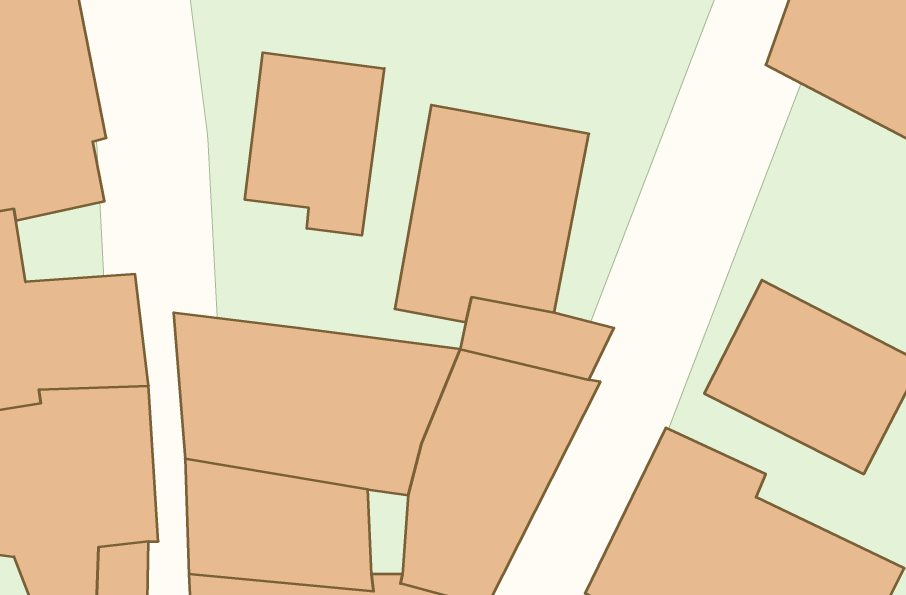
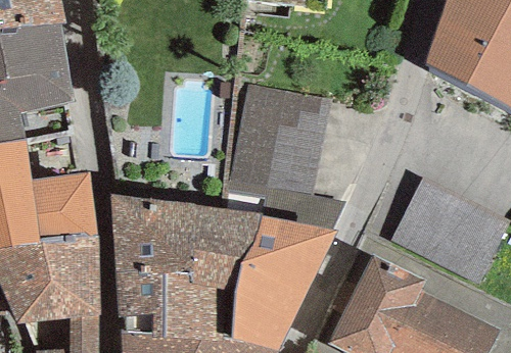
building: [245,53,384,235] -> none

